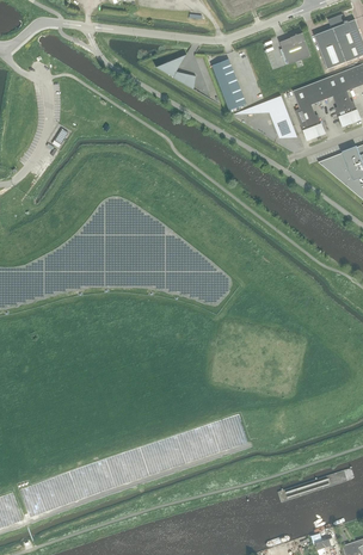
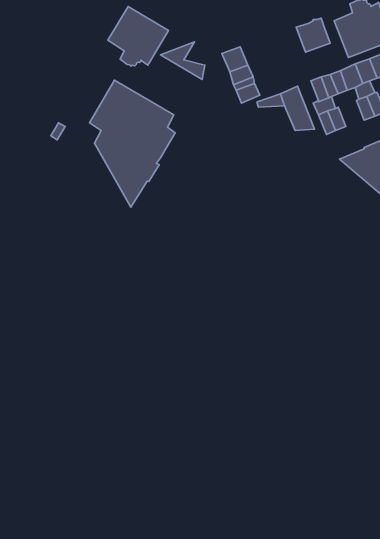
building: none -> [108,7,168,66]
building: none -> [89,80,175,207]

